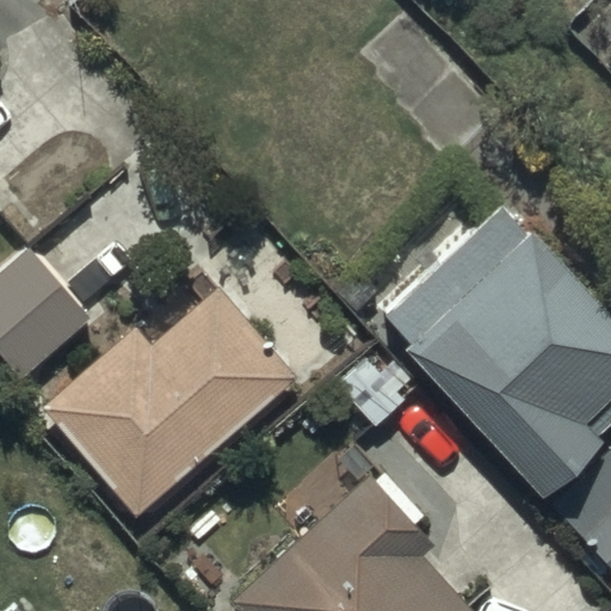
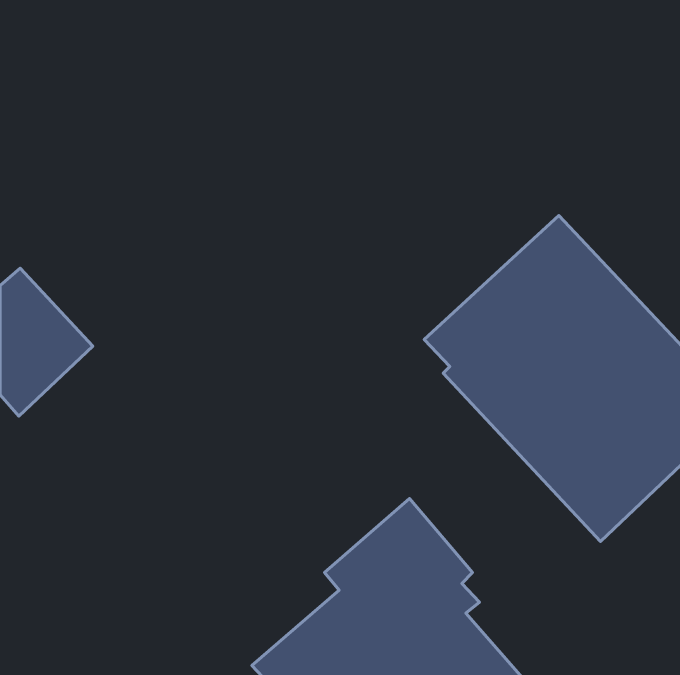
building: [42,290,298,519] -> none

